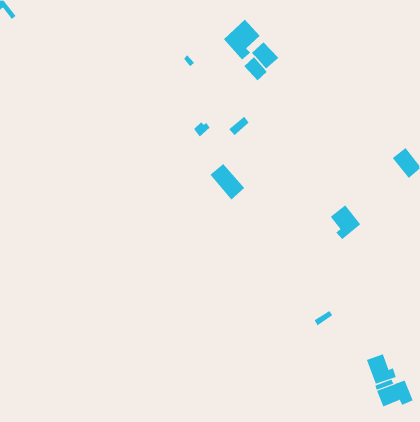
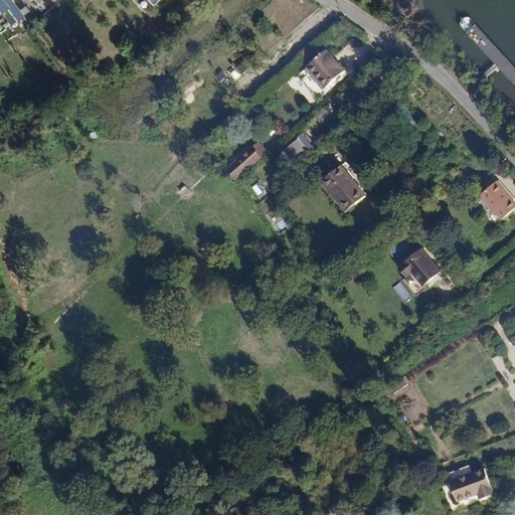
building: [223,19,261,60] -> none
building: [210,163,245,200] -> [323,163,366,208]
building: [366,353,396,385] -> none

